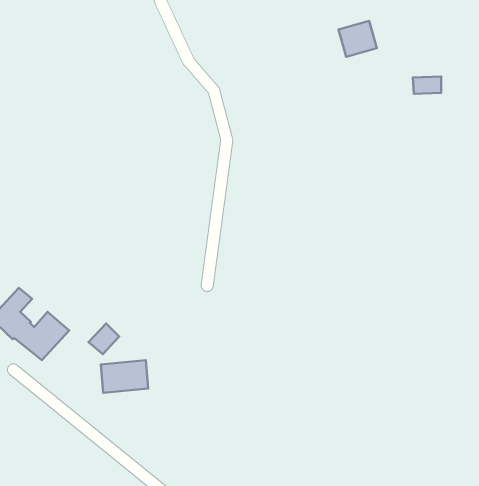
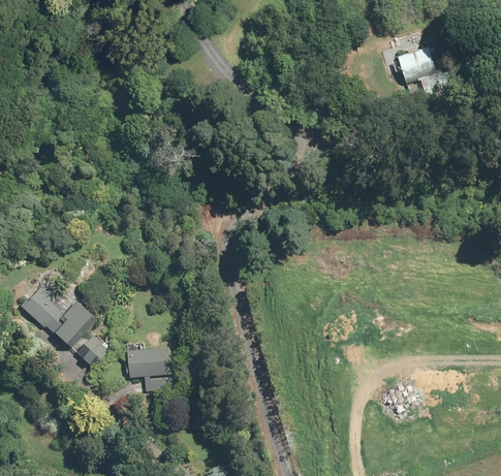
building: [339,21,377,57] -> [399,47,435,82]
building: [89,323,119,354] -> [79,337,107,366]

